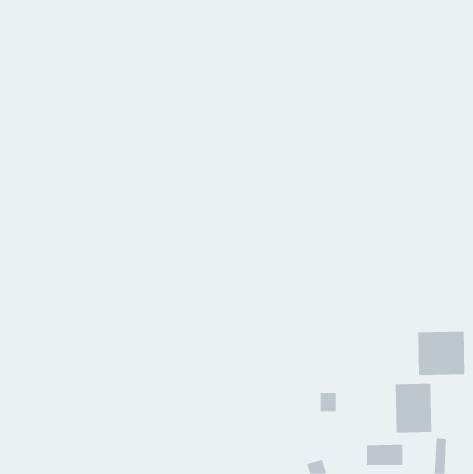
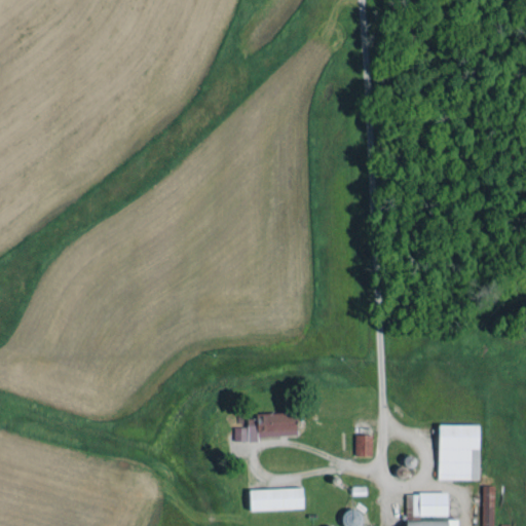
building: [418,331,465,376] -> none
building: none -> [234,412,296,442]
building: none -> [250,488,304,511]

